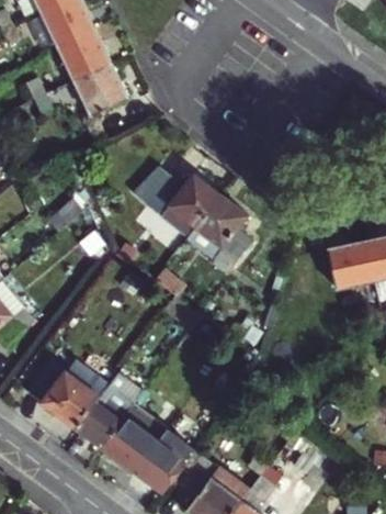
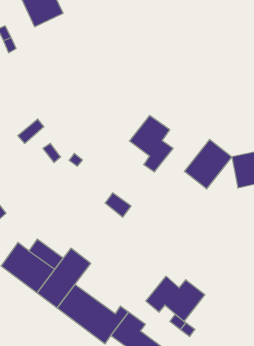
building: [71,62,126,115] -> none
building: [146,175,222,238] -> none
building: none -> [184,139,232,189]
building: none -> [146,276,205,322]

